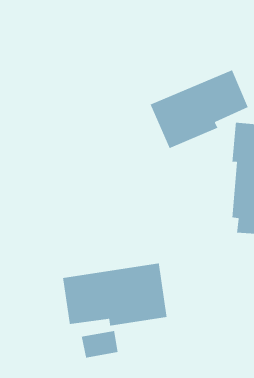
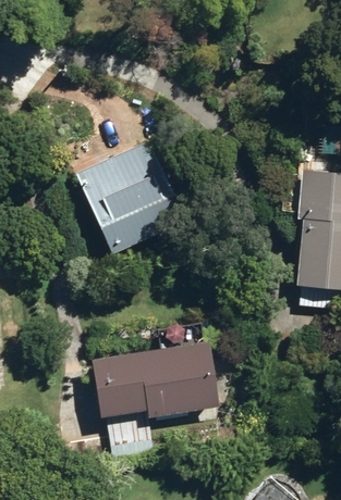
building: [149,69,249,149] -> none
building: none -> [76,141,185,253]

